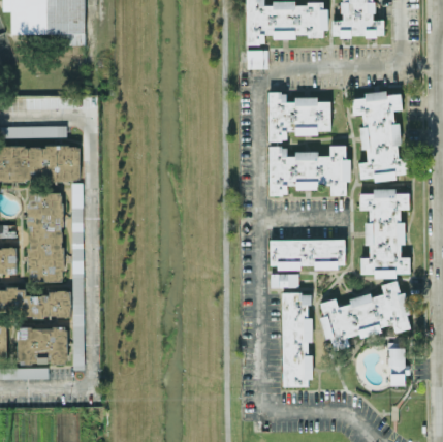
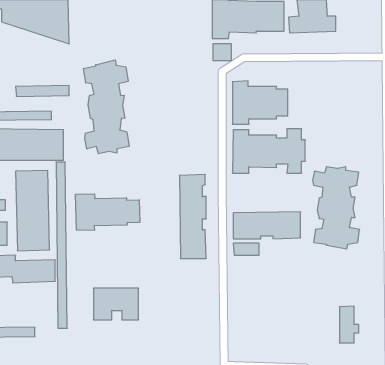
building: none -> [84,60,129,154]
building: [352,91,409,182] -> none
building: none -> [76,194,140,230]
building: [321,282,409,349] -> none
building: [282,292,312,386] -> [179,175,206,258]
building: [17,327,67,362] -> [93,288,139,320]

